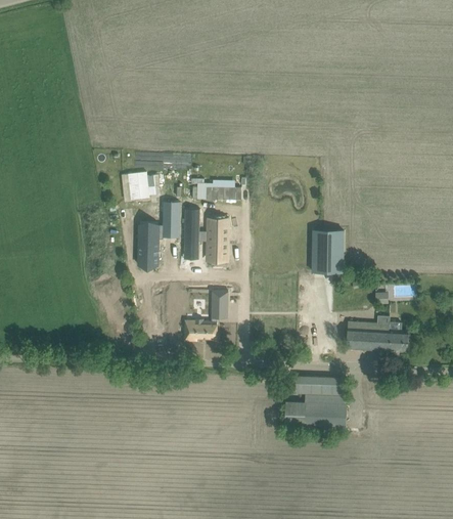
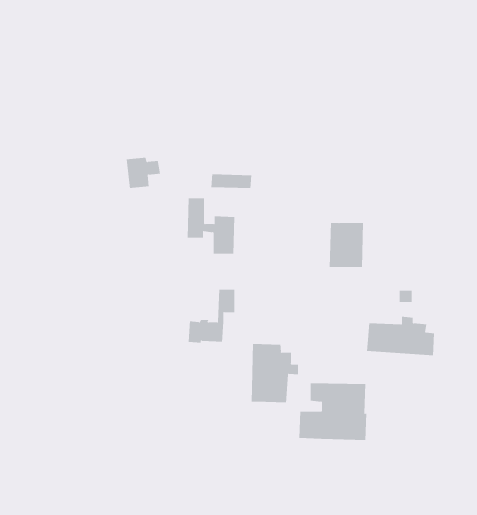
building: [138,201,180,264] -> none
building: none -> [251,343,299,403]

